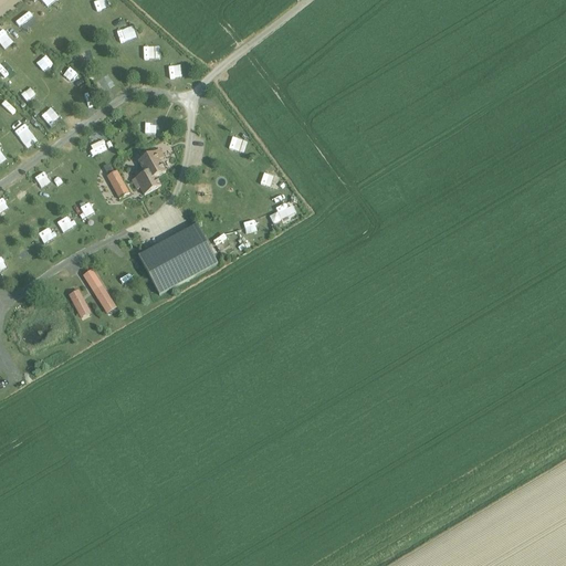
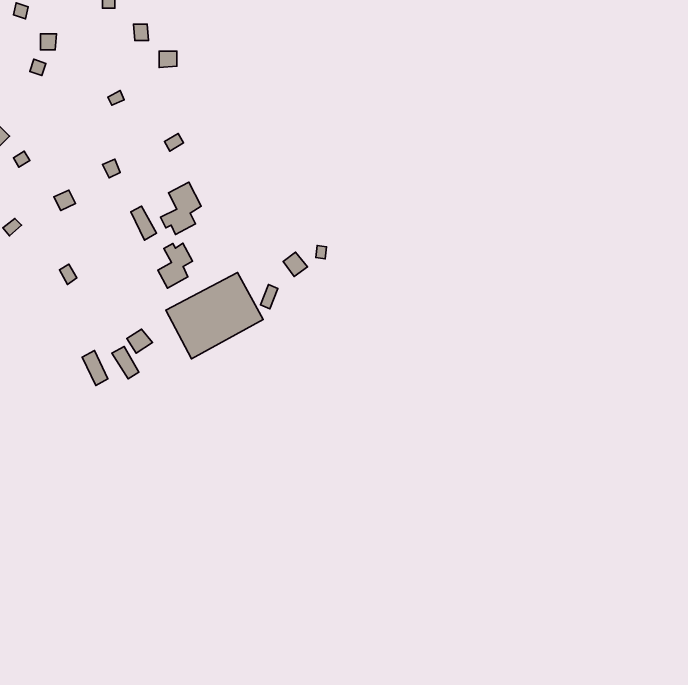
building: none -> [158,243,192,288]

